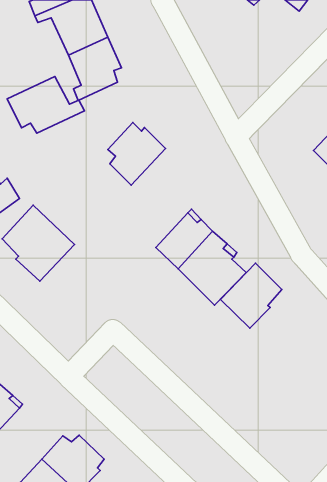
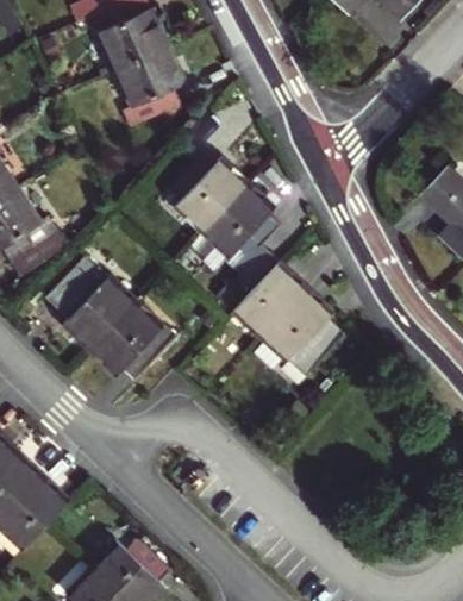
building: [7,77,85,133] -> none
building: none -> [199,186,277,259]
building: none -> [86,305,165,382]
building: [220,263,282,328] -> none

